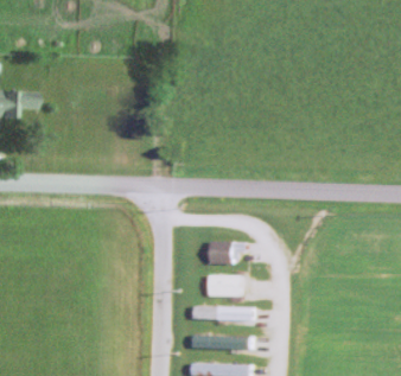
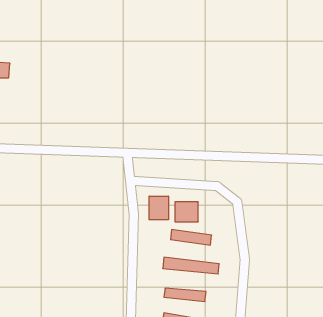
building: none -> [149,196,168,220]

